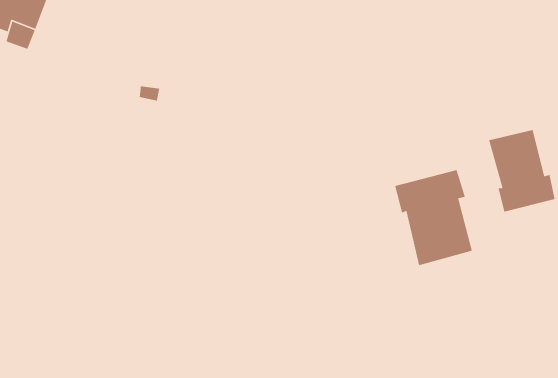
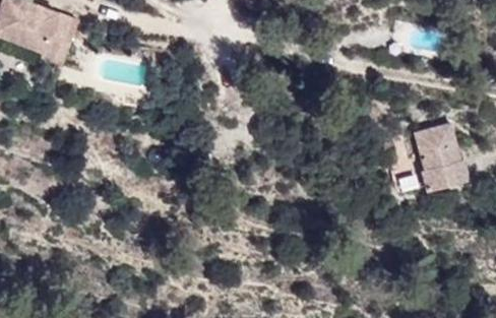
building: [394,169,473,266] -> none

